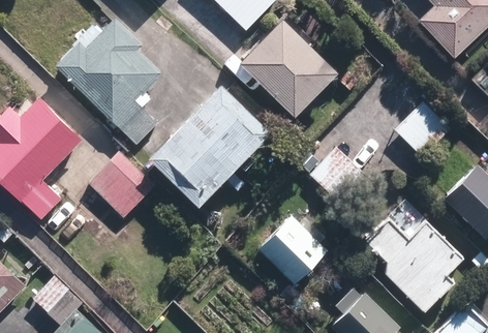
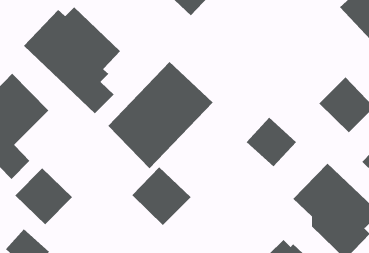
building: [240,19,338,116] -> none
building: [88,151,155,217] -> [14,168,73,225]
building: [258,215,328,283] -> [131,166,191,226]

